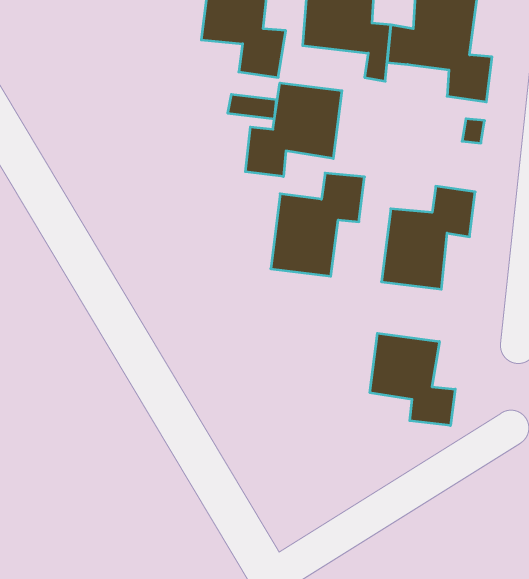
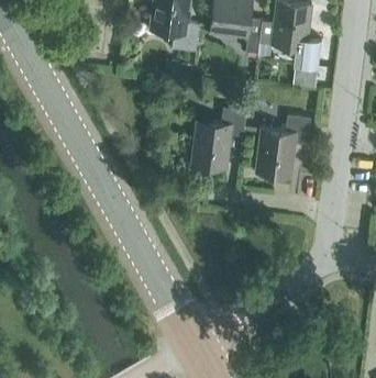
building: [245,83,342,177] -> none
building: [370,333,455,426] -> none

